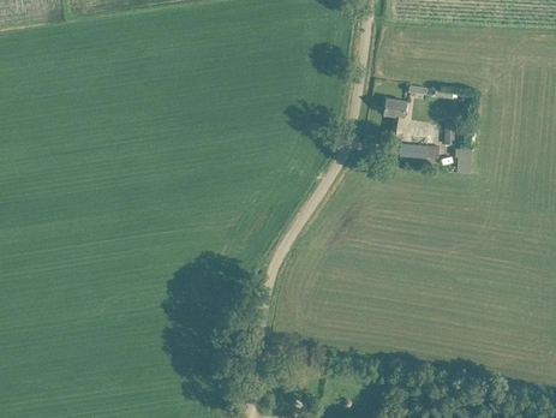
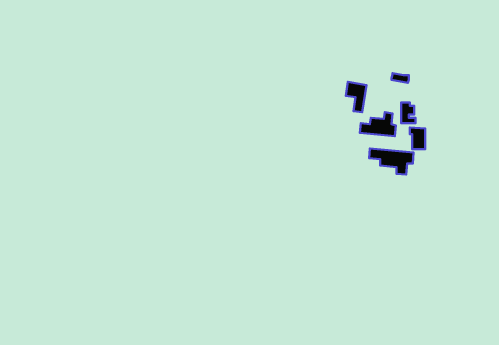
building: none -> [369,148,414,174]

